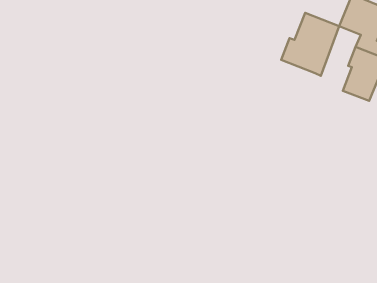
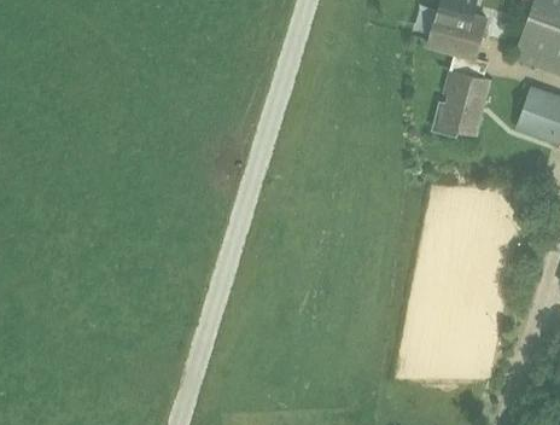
building: [281,13,339,76] -> none

